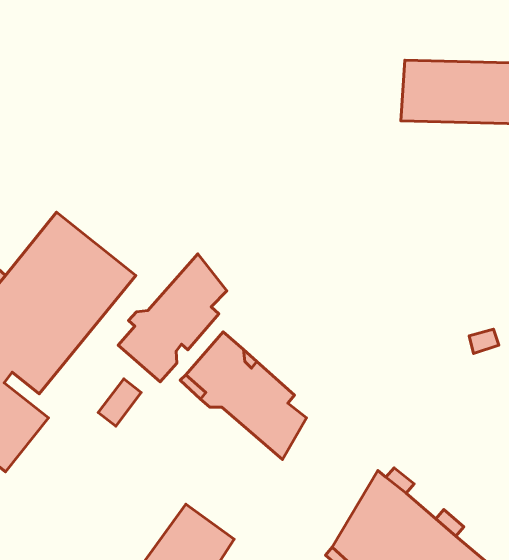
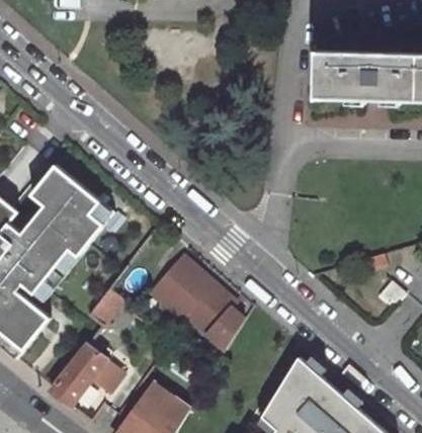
building: [118,254,227,382] -> none
building: none -> [48,346,123,410]

